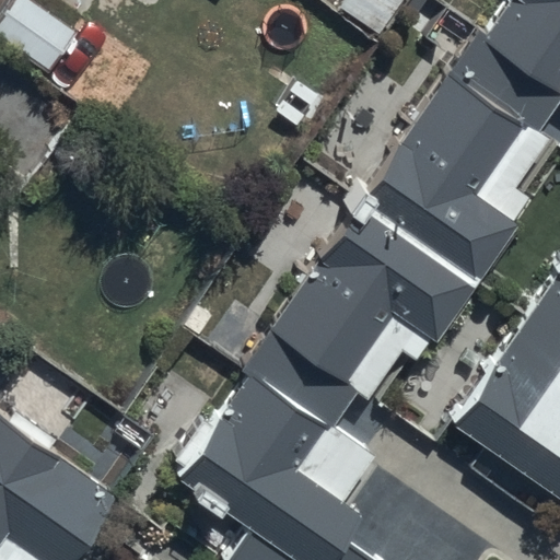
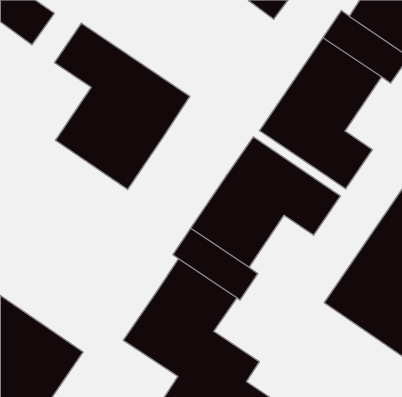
building: none -> [55,23,190,190]

